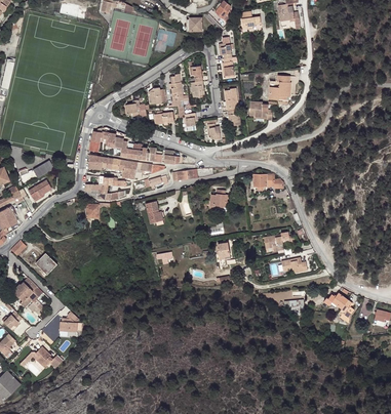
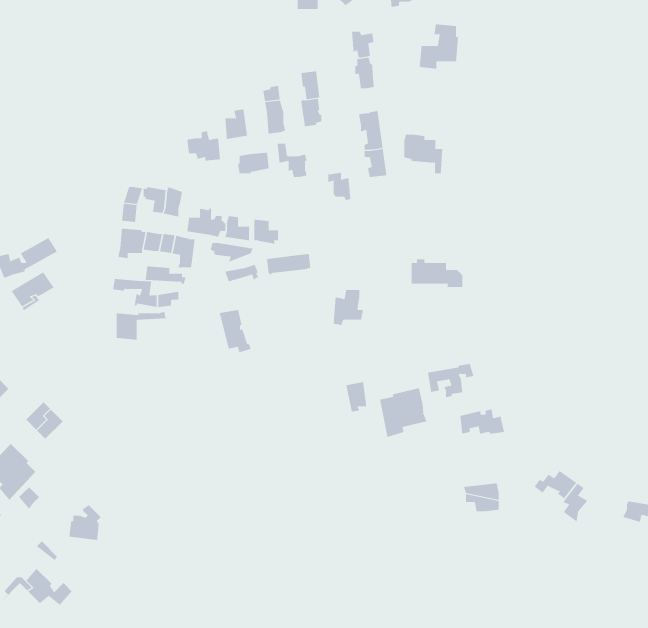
building: [268,75,290,100] -> [419,24,459,69]
building: none -> [379,387,427,438]

